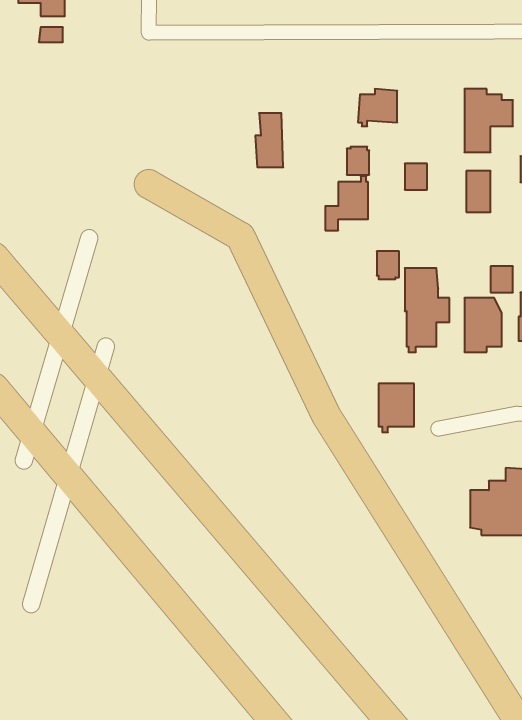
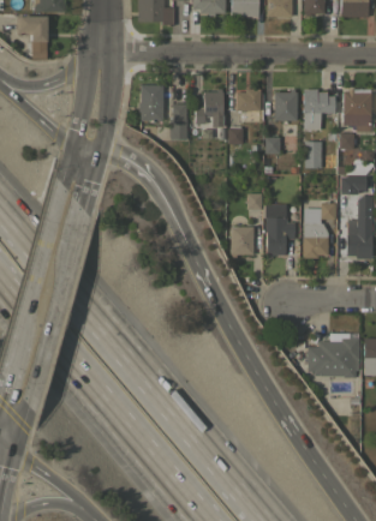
building: none -> [139,85,163,121]
building: none -> [274,90,298,120]
building: [325,176,368,230] -> [196,89,223,124]
building: [379,384,414,432] -> [231,227,253,258]

